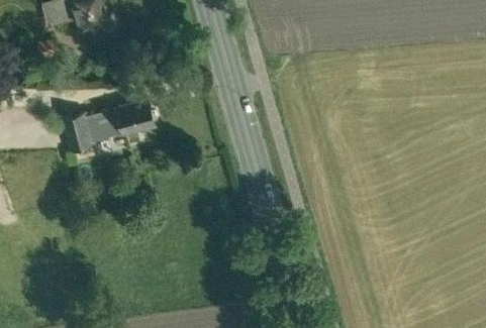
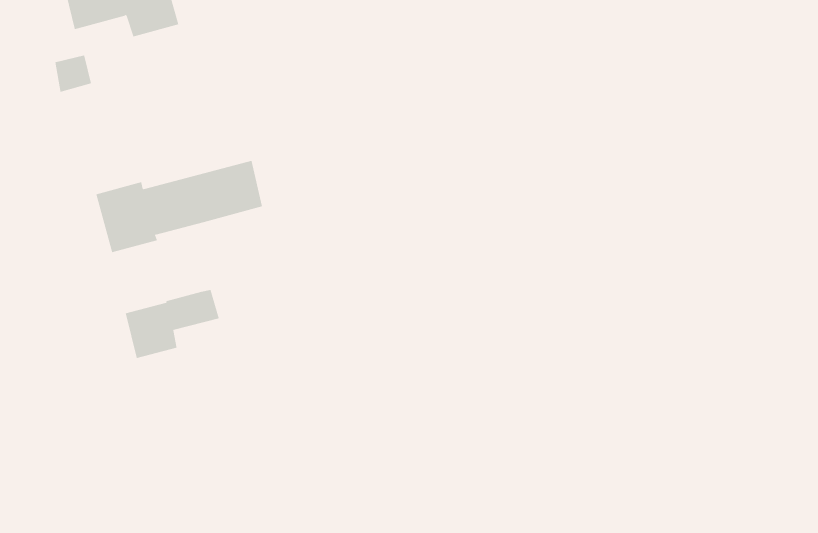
building: none -> [125,289,219,359]

